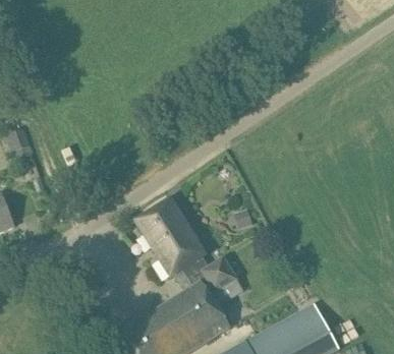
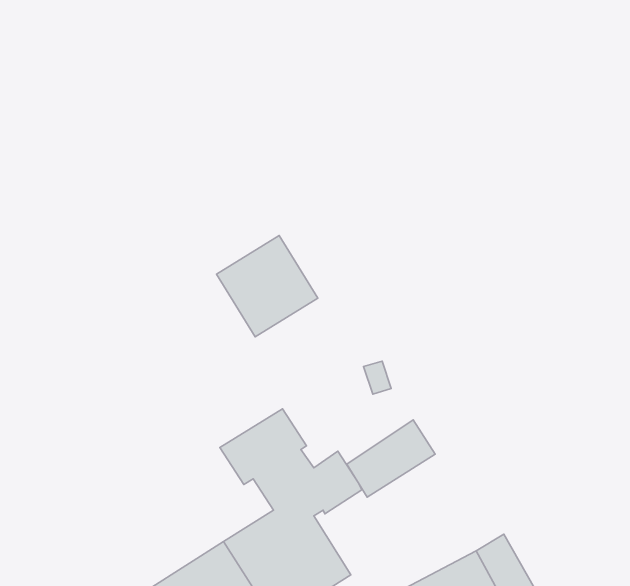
building: [136,198,192,254] -> [216,236,318,337]
building: none -> [347,420,435,497]

